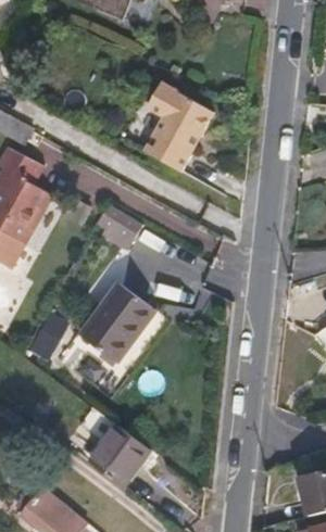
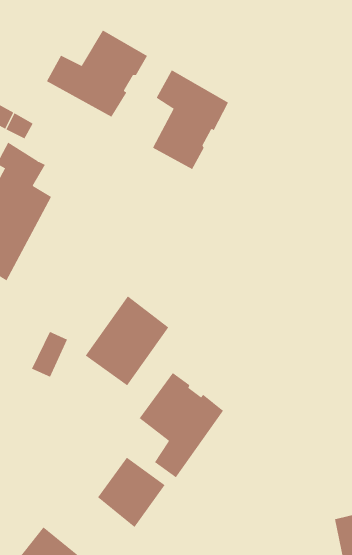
building: none -> [46,29,148,118]
building: [97,203,141,249] -> none
building: none -> [139,372,224,478]

